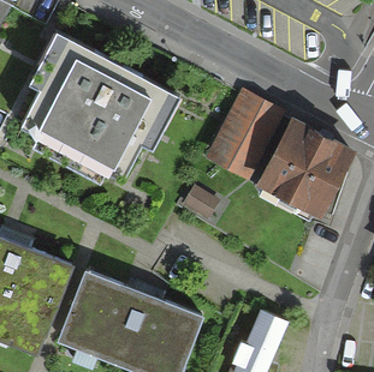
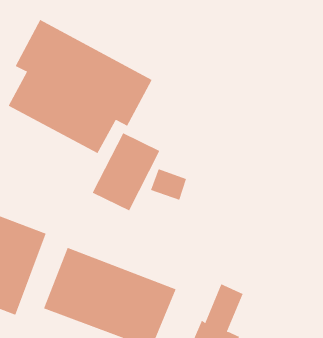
building: [207,91,279,174] -> [92,133,160,211]
building: [257,116,356,212] -> none

